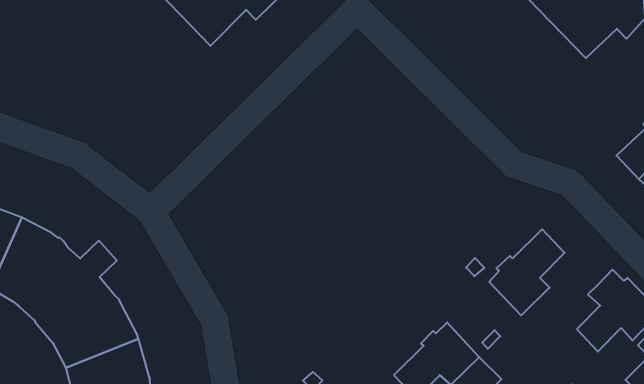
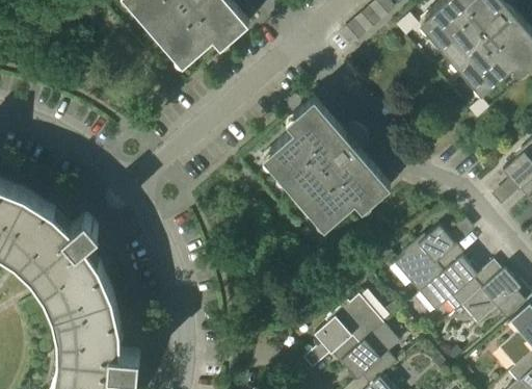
building: none -> [263,95,397,231]
building: none -> [418,249,481,315]

